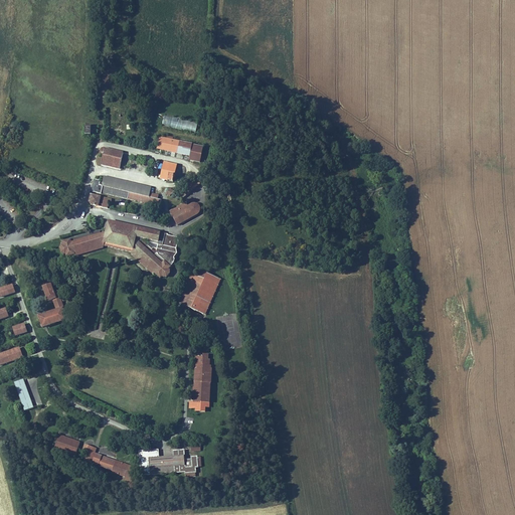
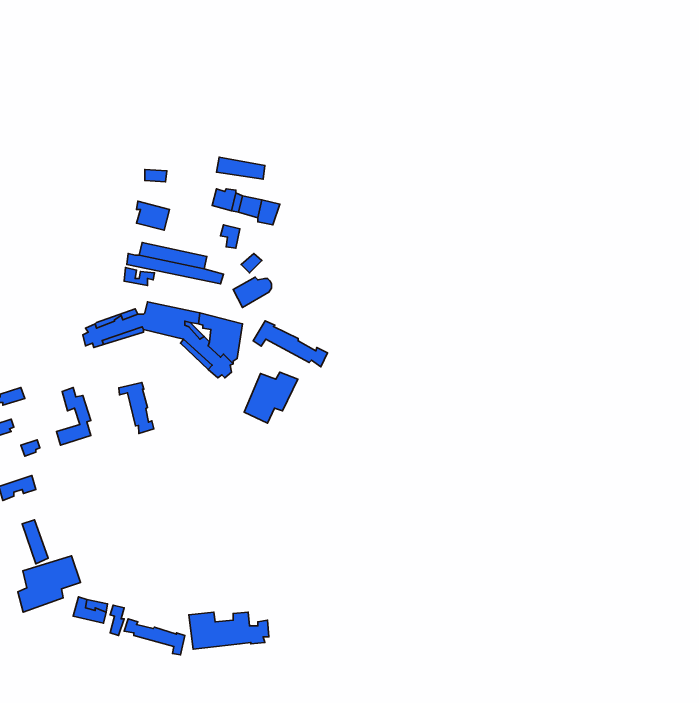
building: none -> [253,321,327,367]
building: none -> [119,382,154,433]
building: [188,351,211,409] -> none
building: none -> [18,556,81,612]

